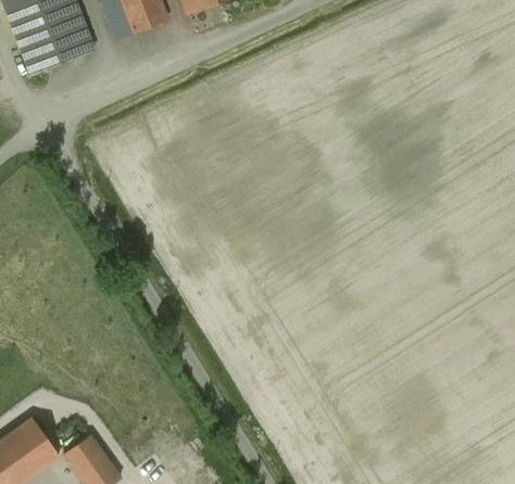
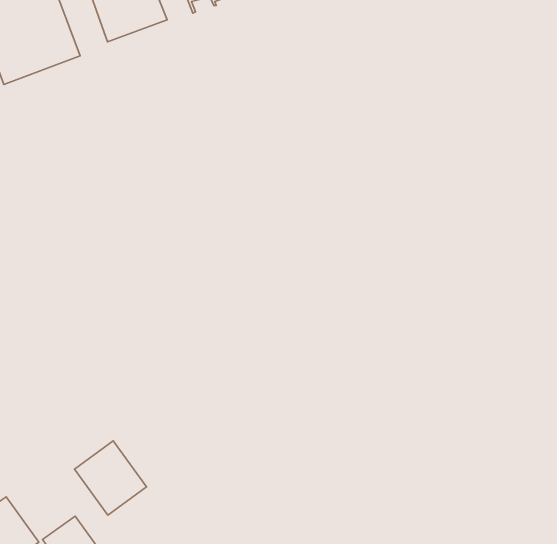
building: none -> [75,441,146,515]

